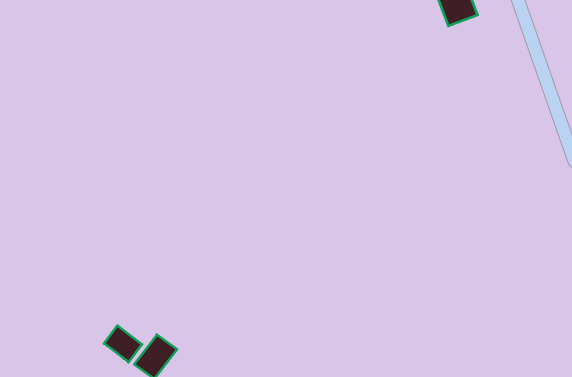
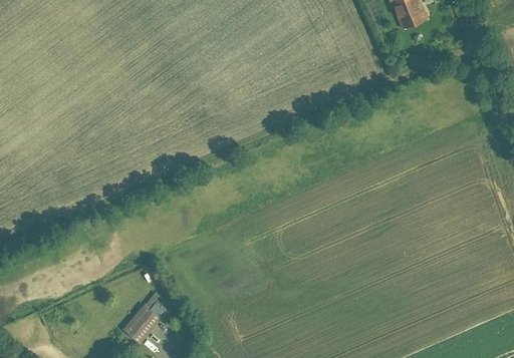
building: [104,326,142,362] -> none

